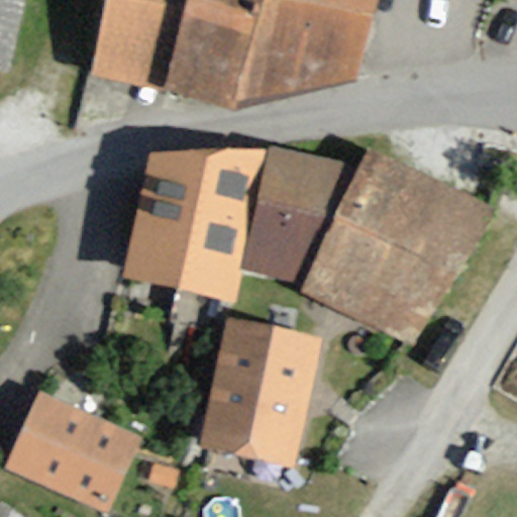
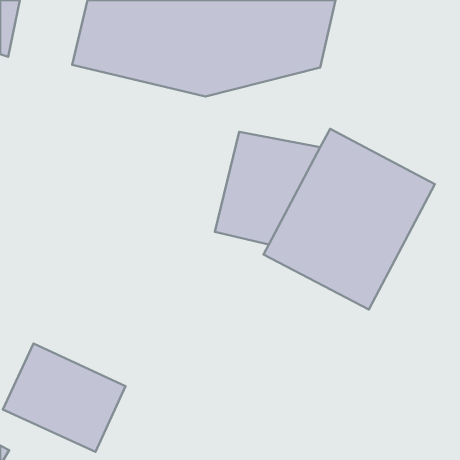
building: [127,148,269,300] -> none
building: [197,317,317,466] -> none

